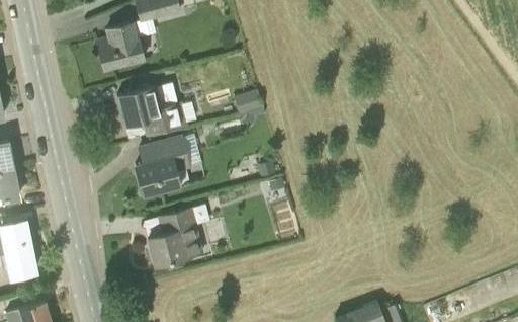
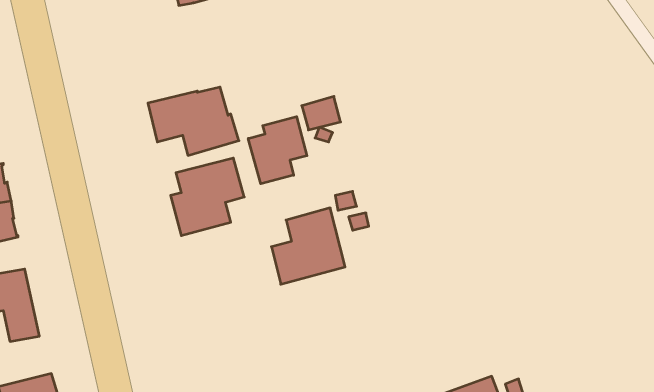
building: [95,23,144,70] -> none
building: none -> [248,117,307,184]
building: [148,209,203,266] -> [271,208,345,284]

